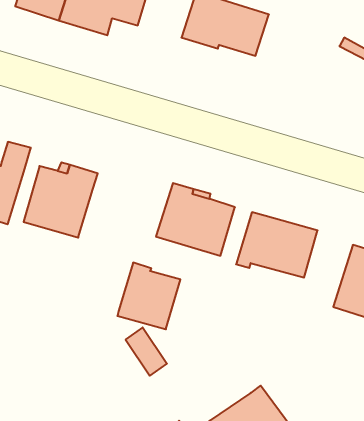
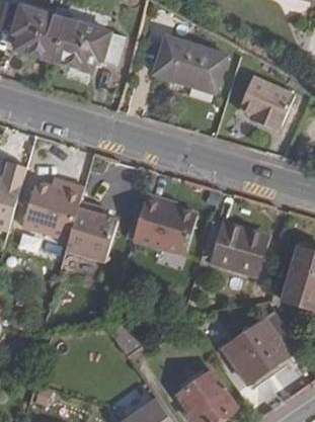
building: none -> [237,78,293,131]
building: [117,263,180,329] -> [67,200,120,256]
building: none -> [223,319,289,384]

